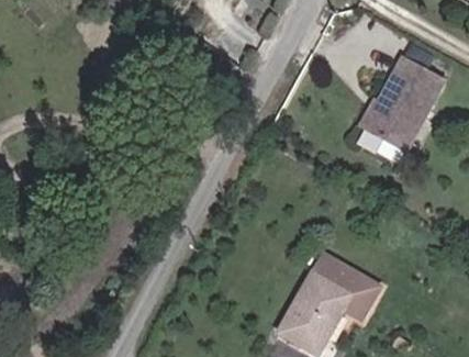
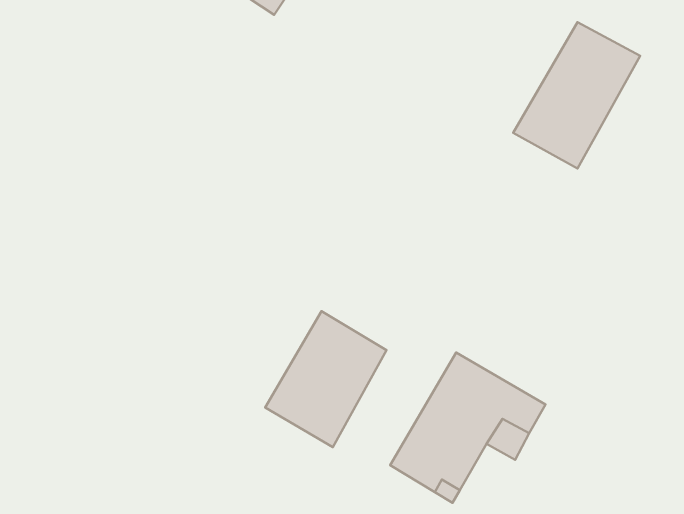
building: none -> [265,311,387,447]

